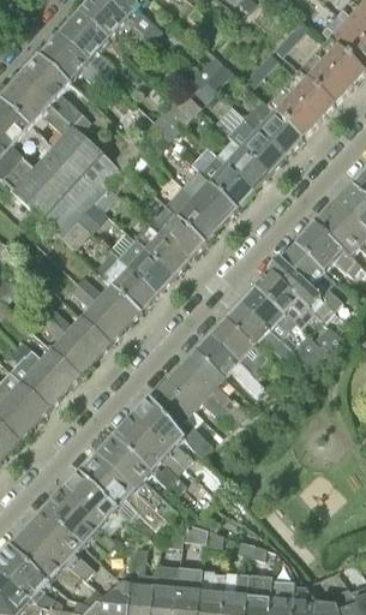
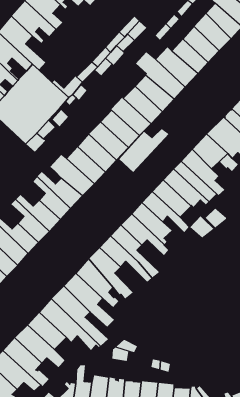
building: none -> [118,128,170,173]

